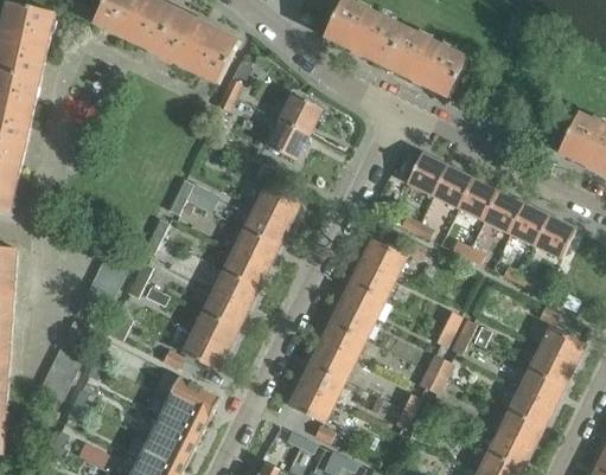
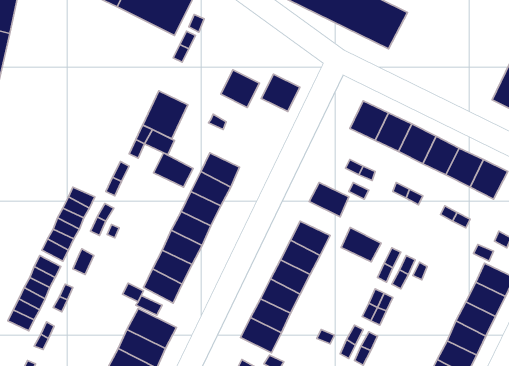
building: [280,94,321,134] -> [261,74,300,112]
building: none -> [143,91,188,139]
building: [255,187,298,224] -> [154,153,193,187]
building: [352,261,395,297] -> [341,228,381,262]

